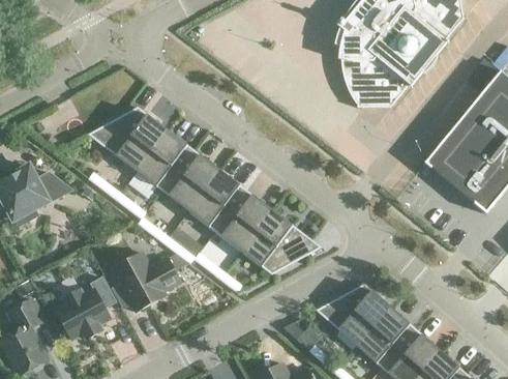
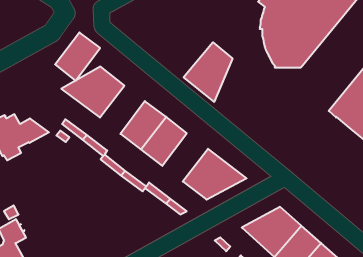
building: none -> [184,42,232,102]
building: [137,130,193,192] -> [55,32,100,81]
building: [215,191,273,252] -> none
building: [116,253,181,312] -> none
building: [56,278,116,340] -> none

